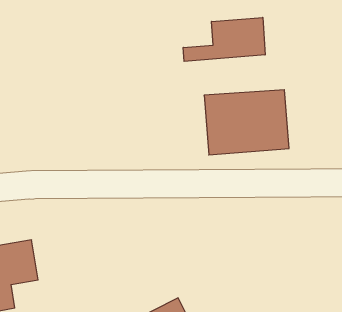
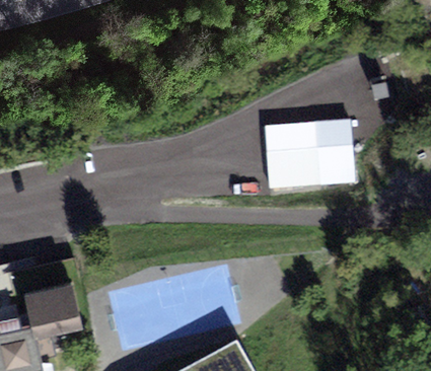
building: [183,17,265,61] -> none

